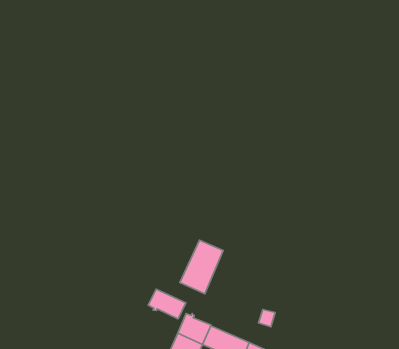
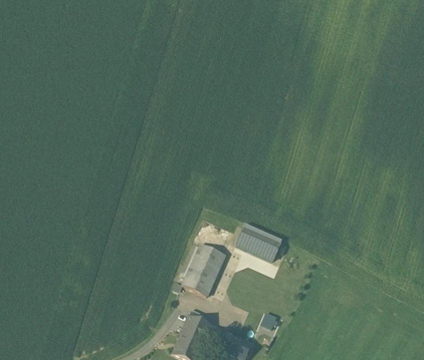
building: none -> [232,224,282,260]
building: [148,289,186,319] -> none

